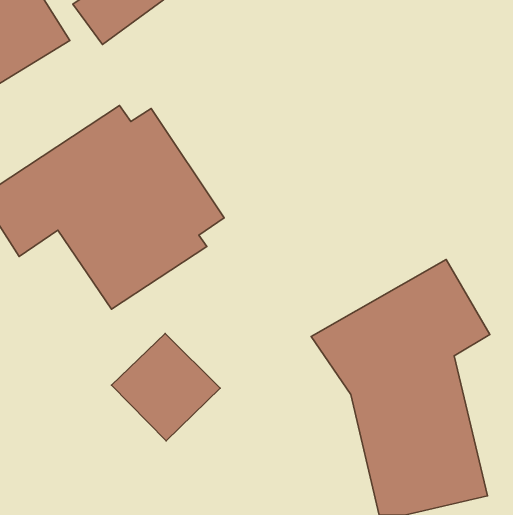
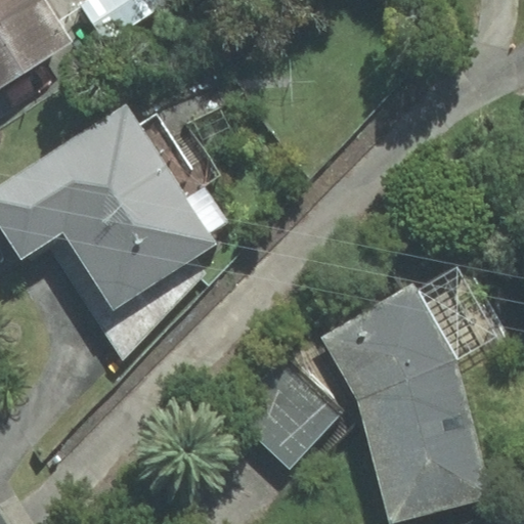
building: [112,334,220,441] -> [228,360,338,469]

